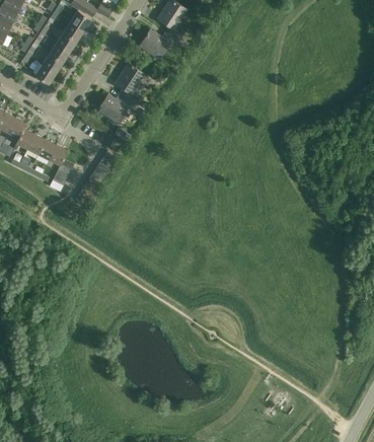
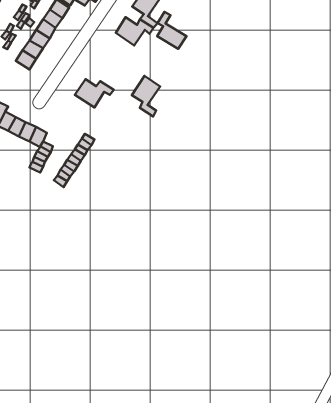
building: none -> [157,12,186,49]
building: [116,63,145,105] -> [132,76,160,116]

